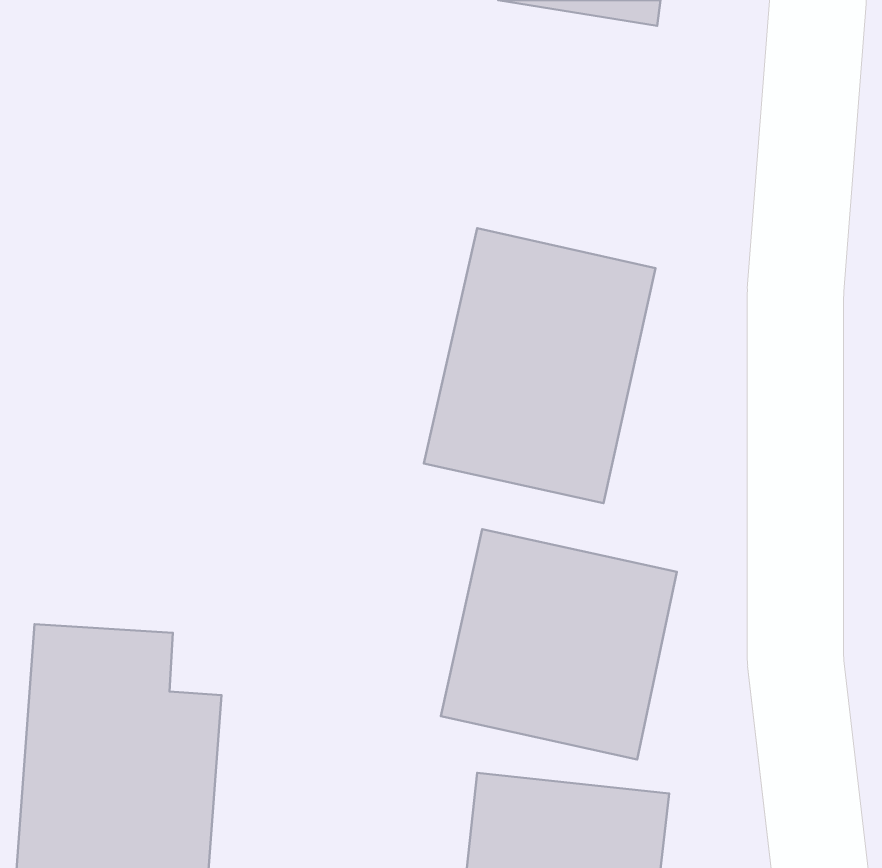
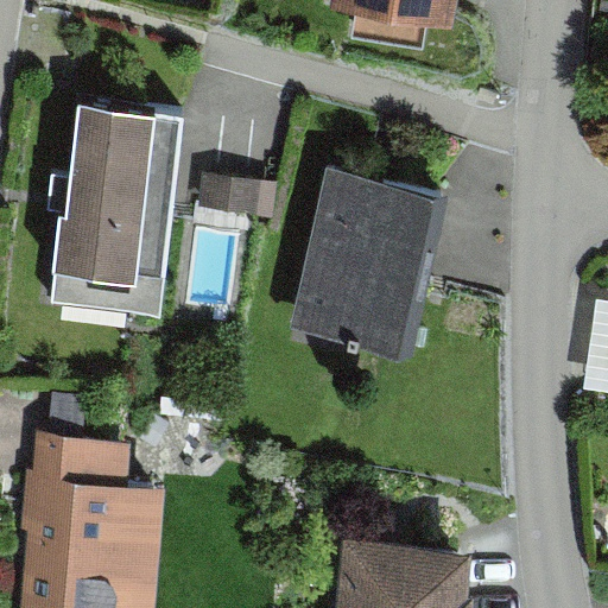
building: none -> [53,101,184,317]
building: [441,529,677,760] -> none

